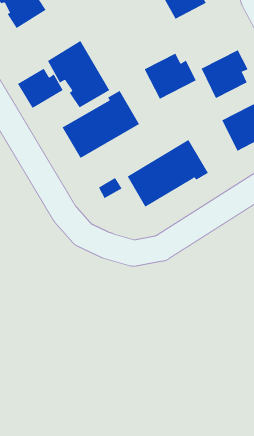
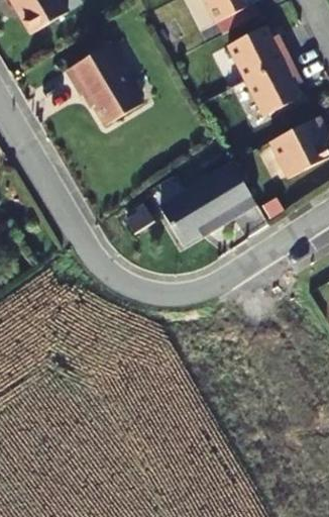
building: [144,53,197,99] -> [229,26,291,81]
building: [17,68,64,109] -> none
building: [62,90,140,159] -> none

